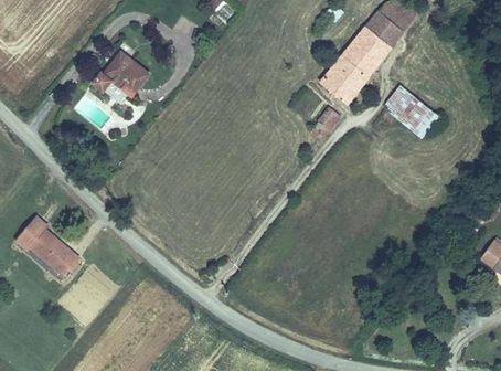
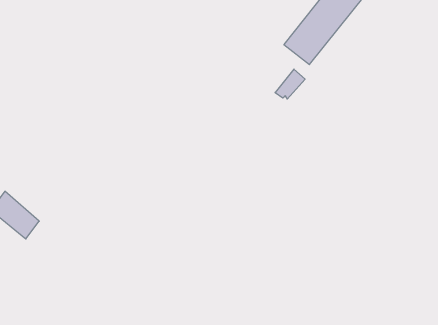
building: [92,52,149,94] -> none
building: [385,87,437,136] -> none

